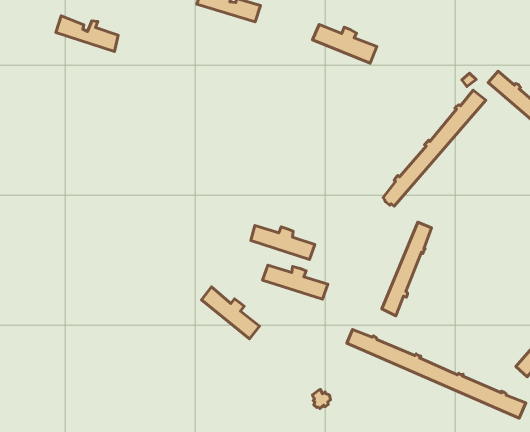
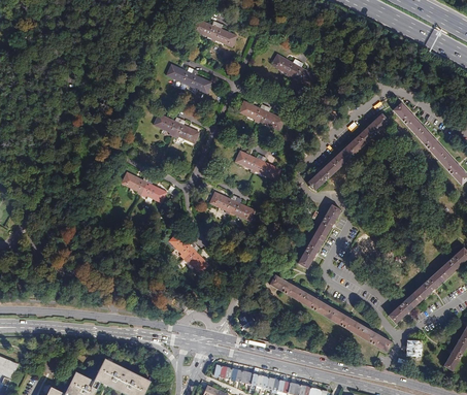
building: [56,16,118,51] -> [166,63,210,93]
building: none -> [237,100,283,129]
building: none -> [153,113,199,142]
building: none -> [121,172,166,202]
building: [262,265,328,299] -> [234,151,280,179]

